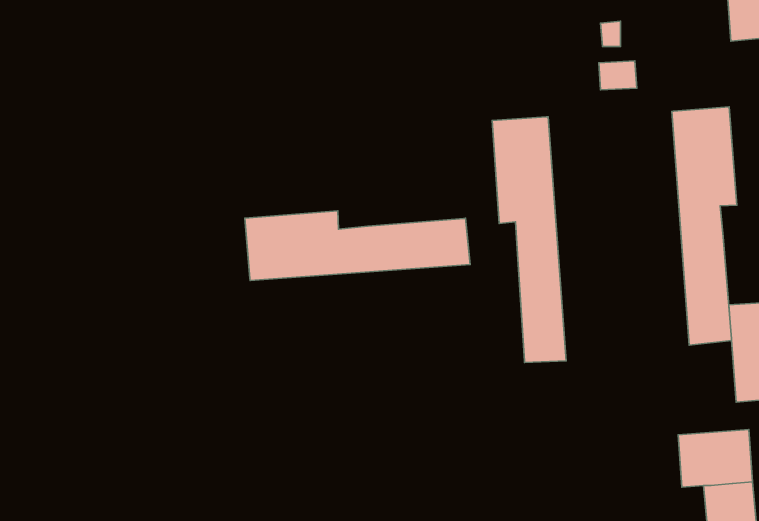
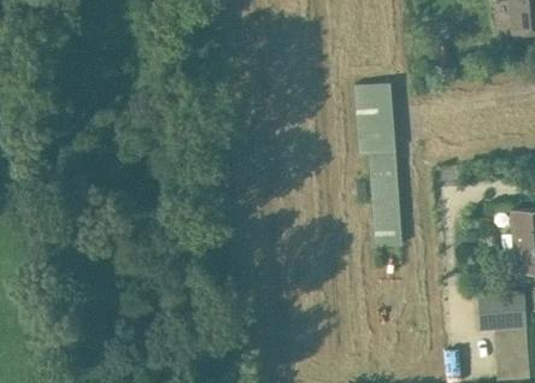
building: [672,107,737,345] -> none
building: [245,211,470,281] -> none

